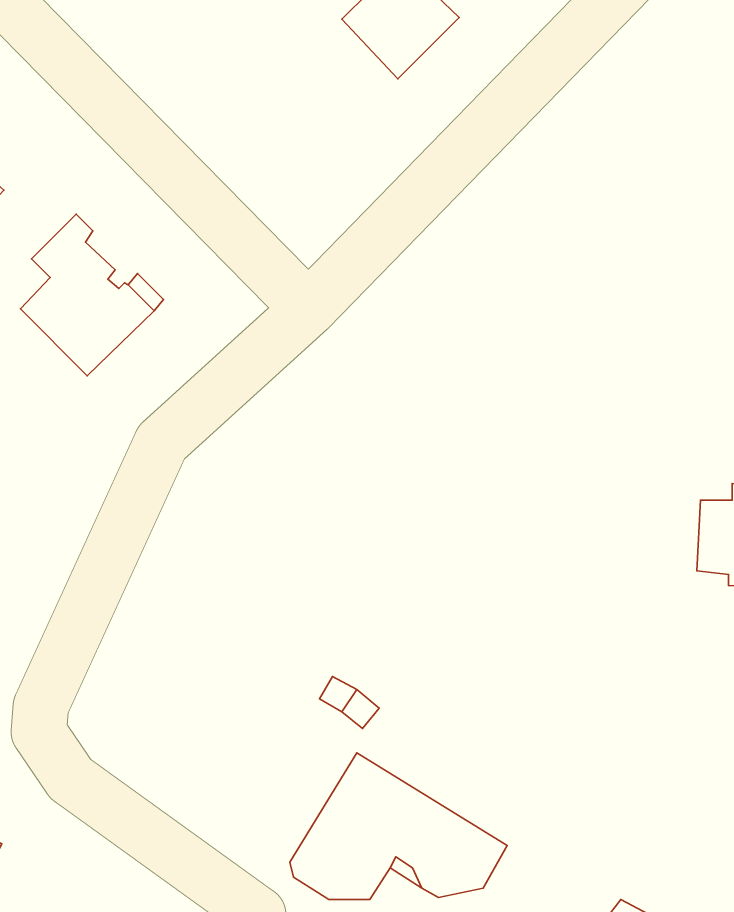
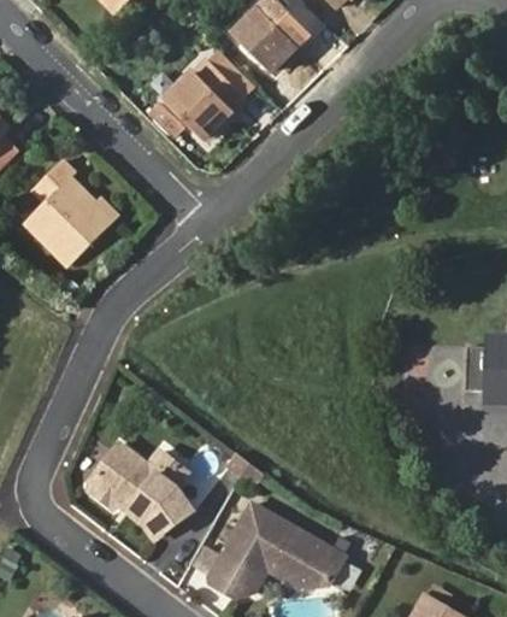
building: none -> [167,57,246,134]
building: none -> [87,446,188,540]

